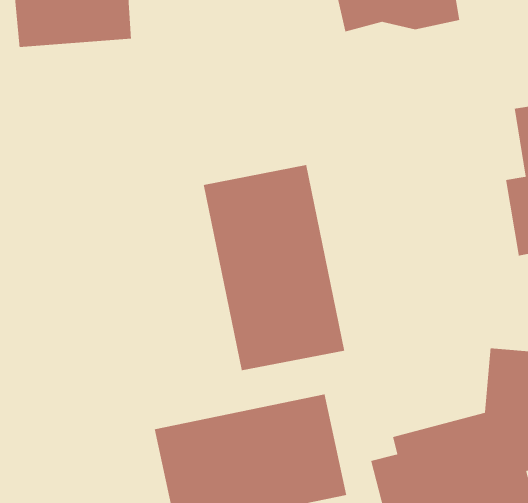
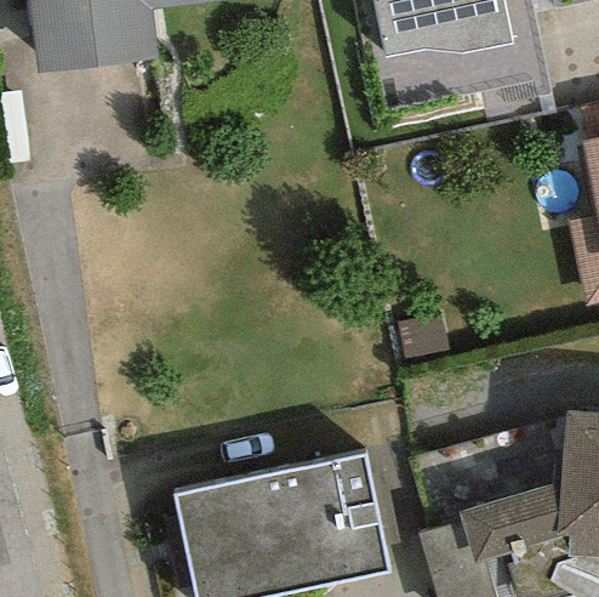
building: [203,164,345,371] -> none

